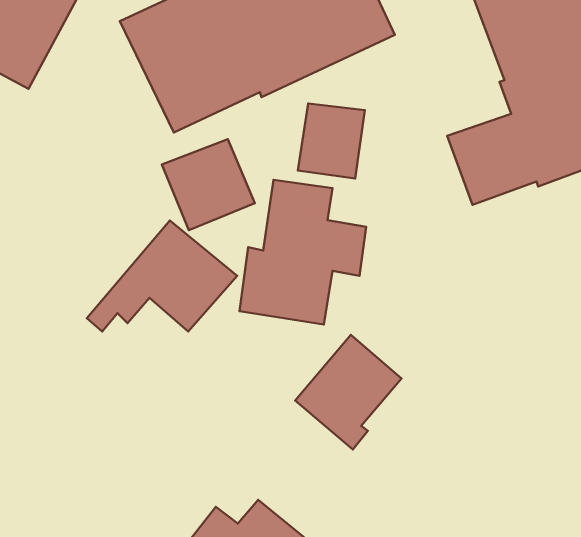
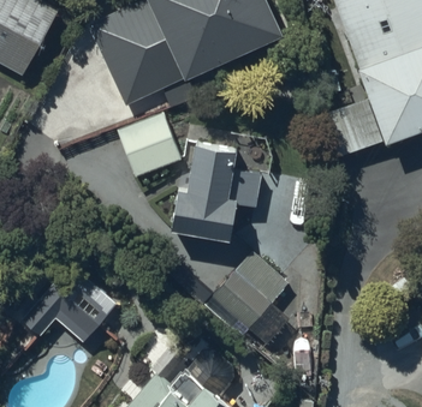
building: [298,104,365,179] -> none
building: [87,220,237,332] -> [11,264,118,343]

